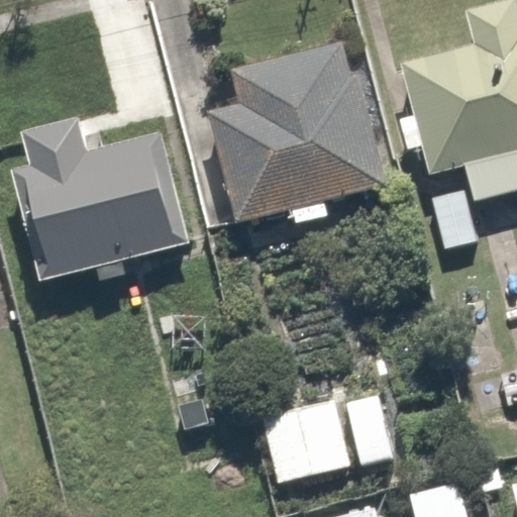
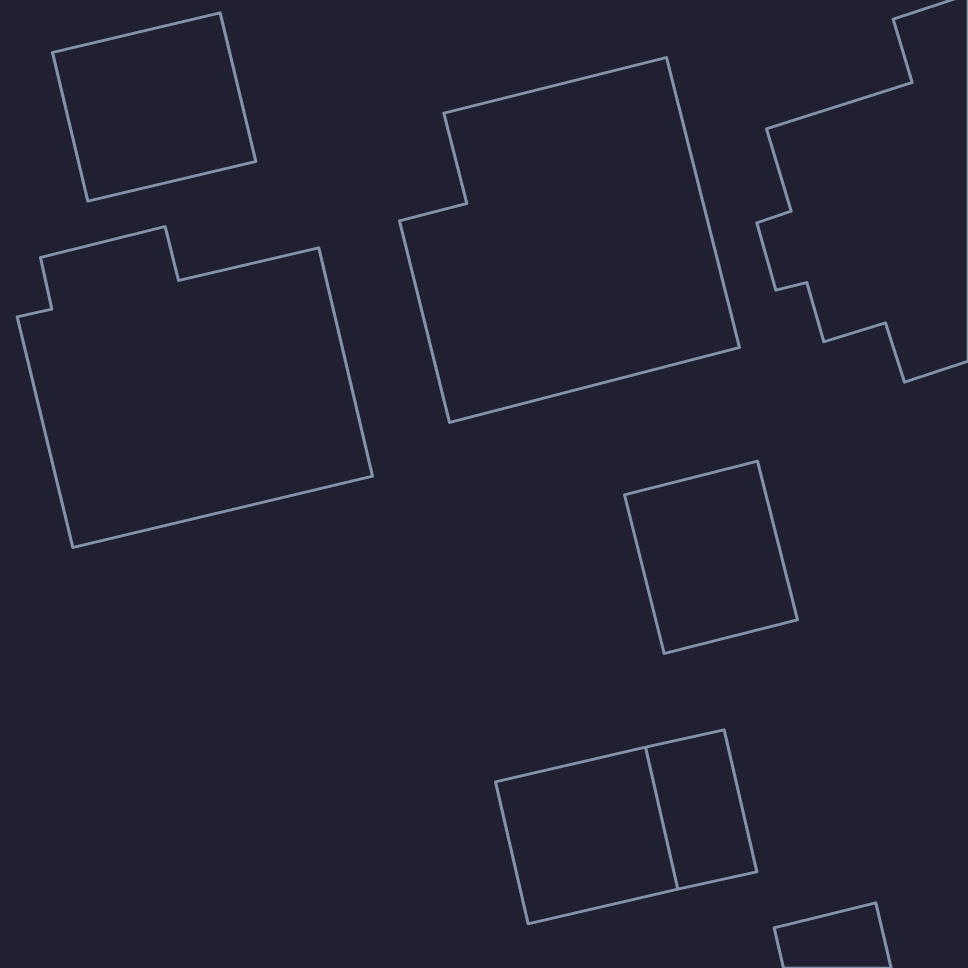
building: none -> [53,13,256,201]
building: none -> [624,461,797,654]

